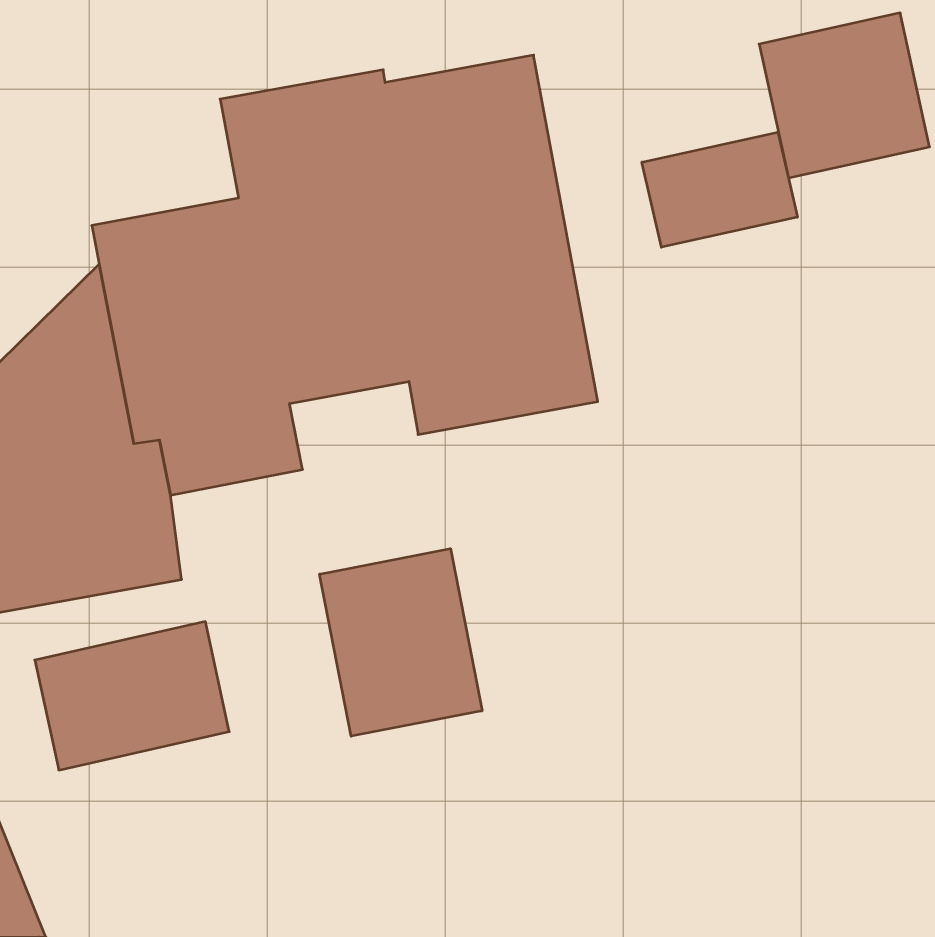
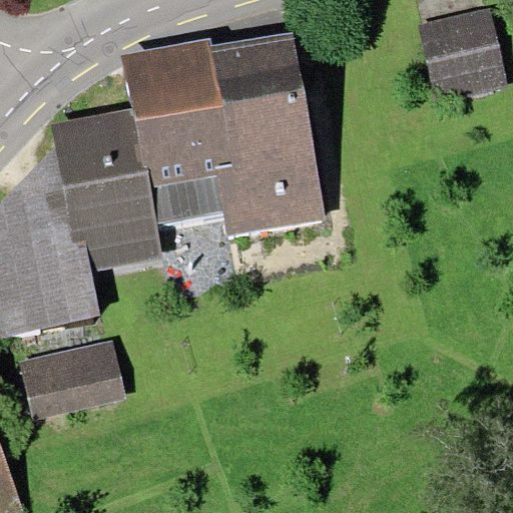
building: [642,132,797,247] -> none
building: [320,549,482,736] -> none

